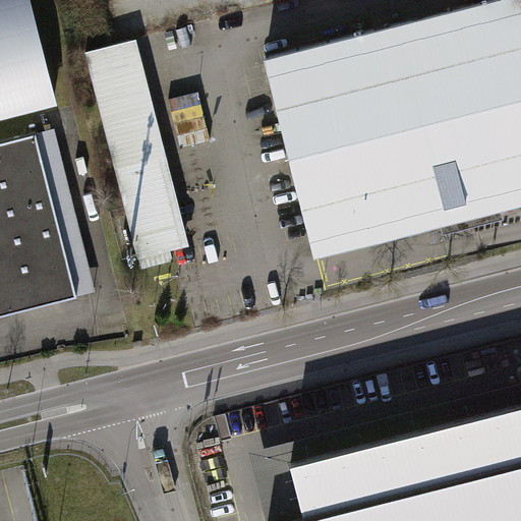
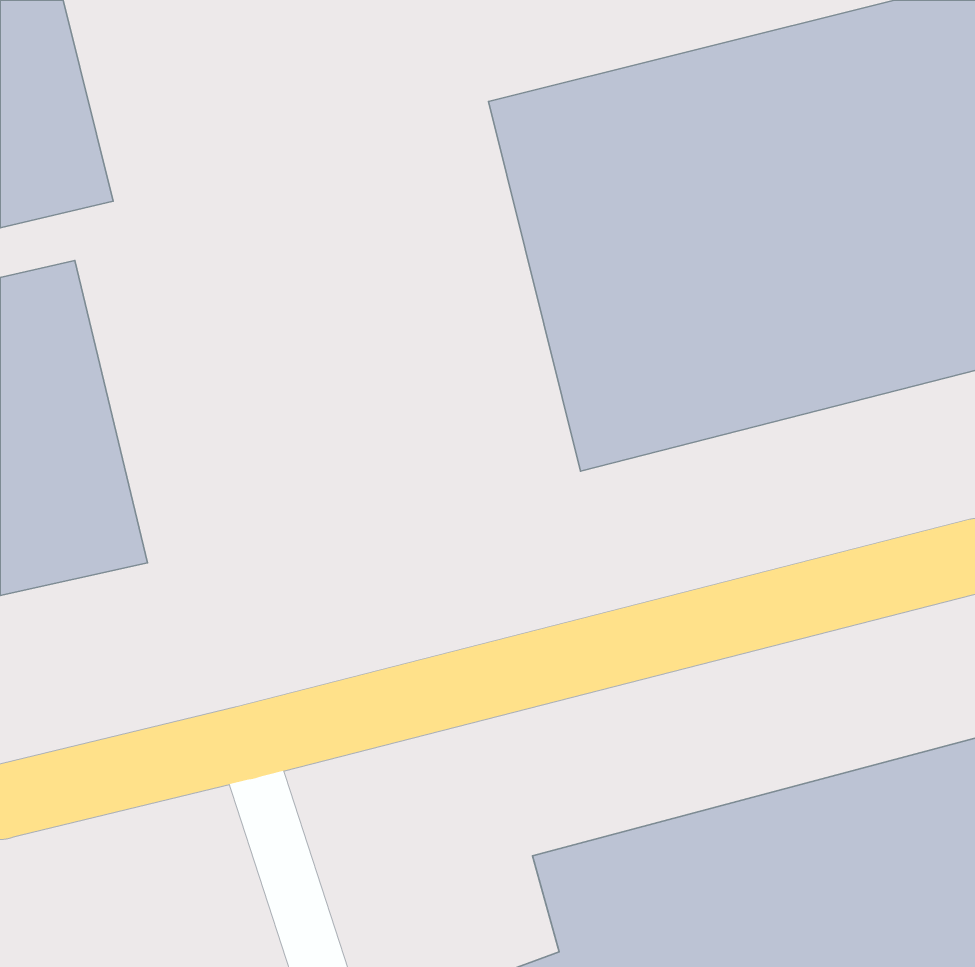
building: [89,52,189,279] -> none

